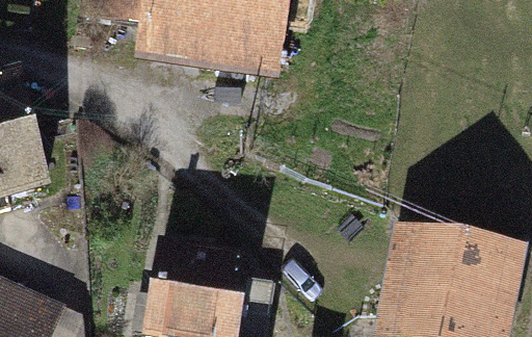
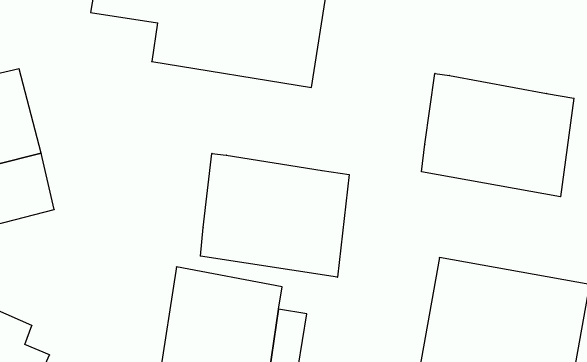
building: none -> [422,73,574,197]
building: none -> [200,153,349,277]

